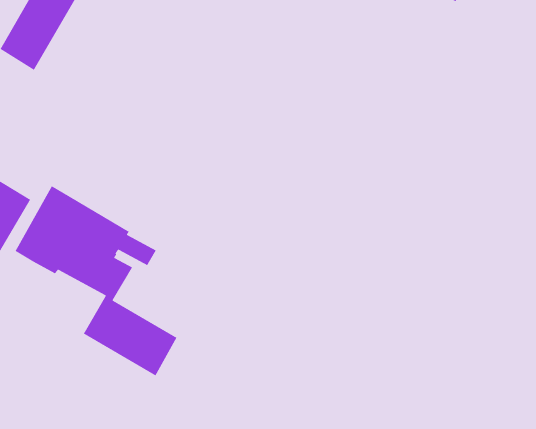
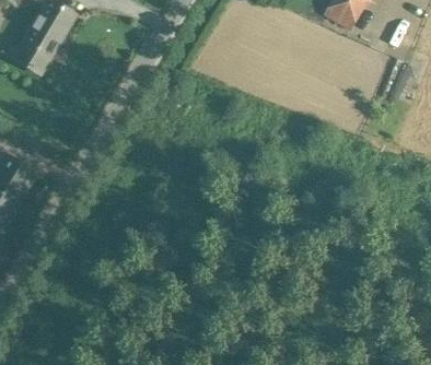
building: [14,185,178,377] -> none

